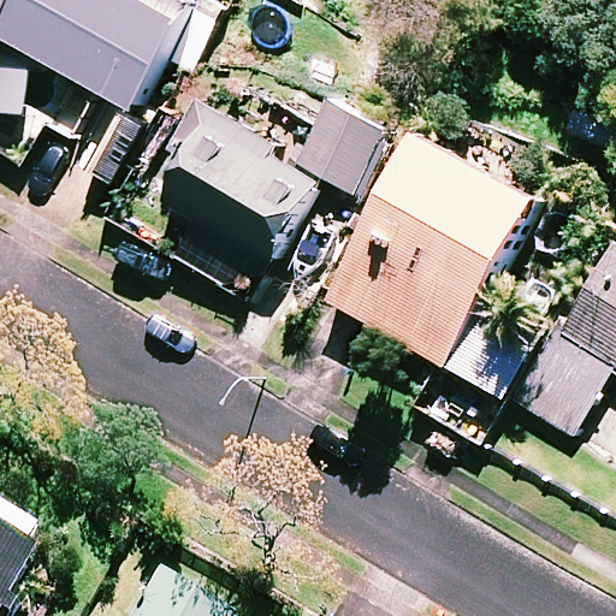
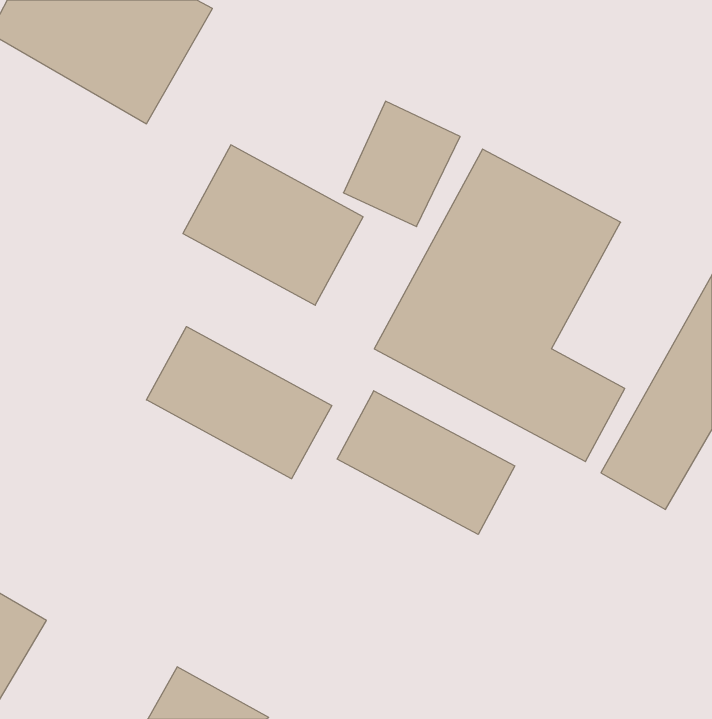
building: none -> [146,327,332,479]
building: none -> [337,391,515,534]

